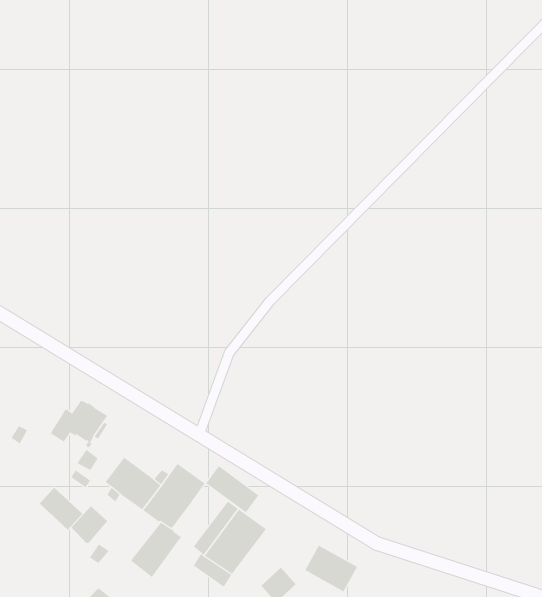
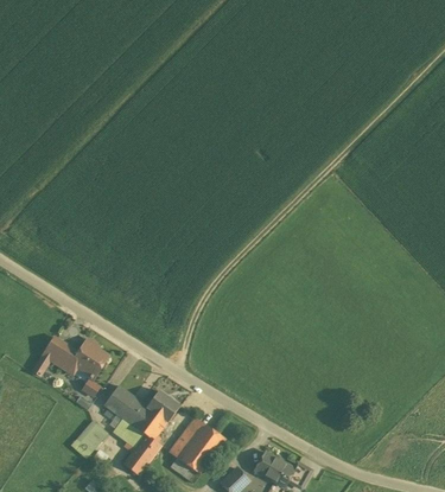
building: none -> [43,336,74,366]
building: [205,465,259,513] -> none
building: [39,487,83,530] -> none

